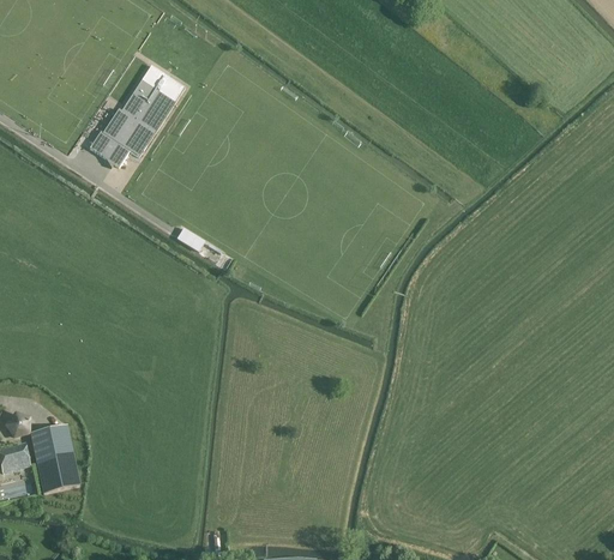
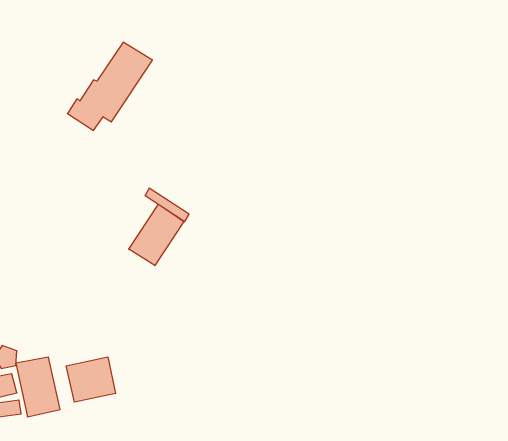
building: none -> [129,204,184,266]
building: none -> [66,357,116,402]

